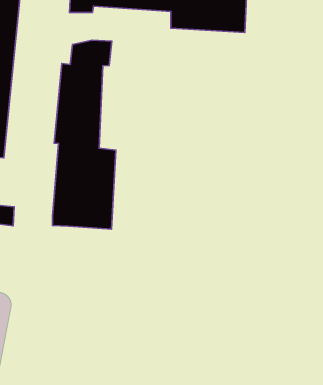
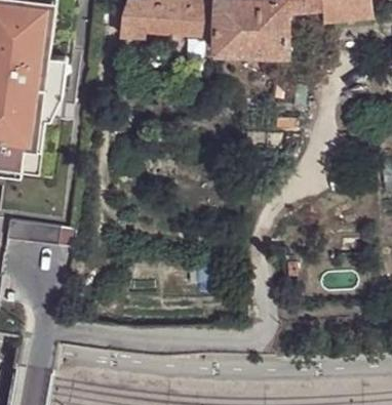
building: [53,40,116,229] -> none

